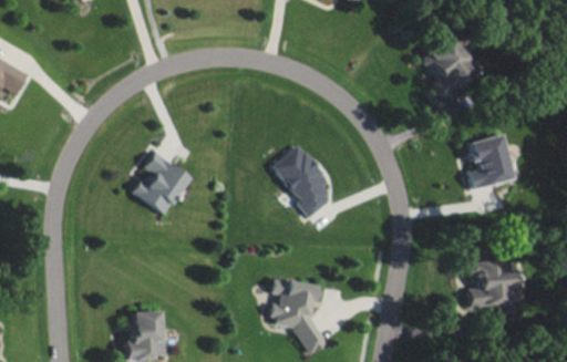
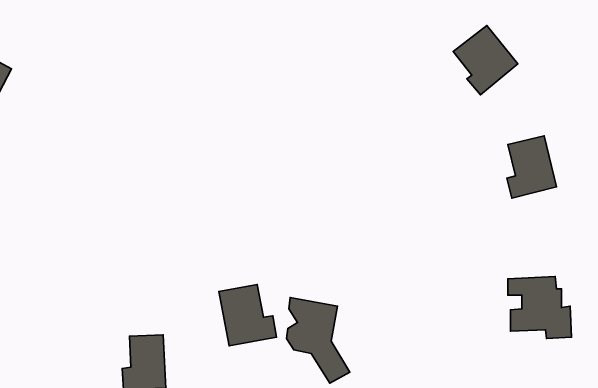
building: [272,145,332,217] -> none
building: [134,153,190,214] -> none
building: none -> [219,284,277,346]

